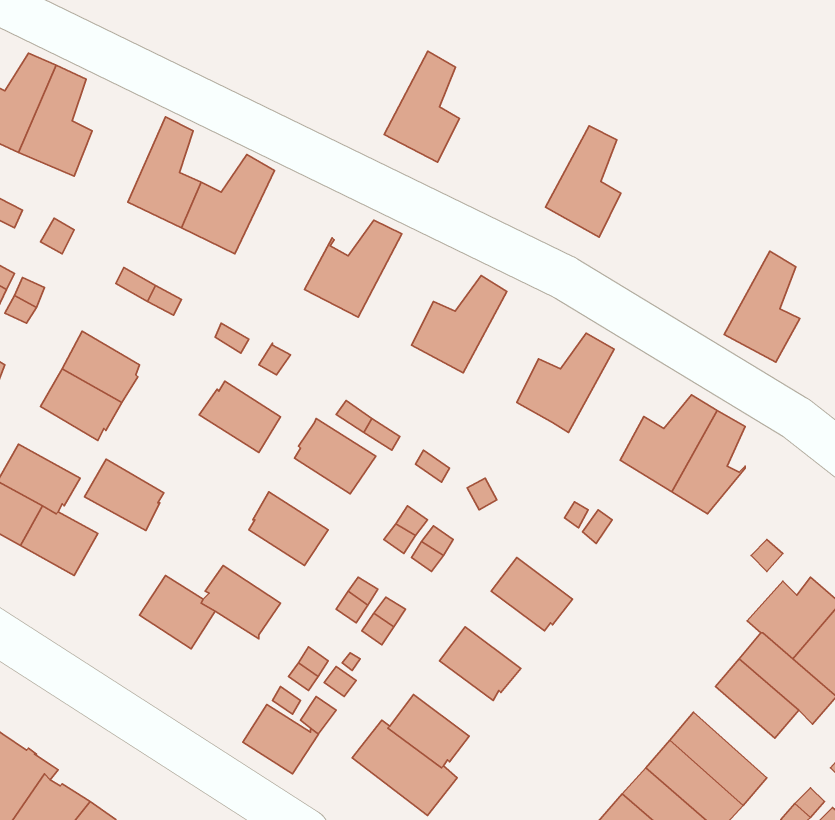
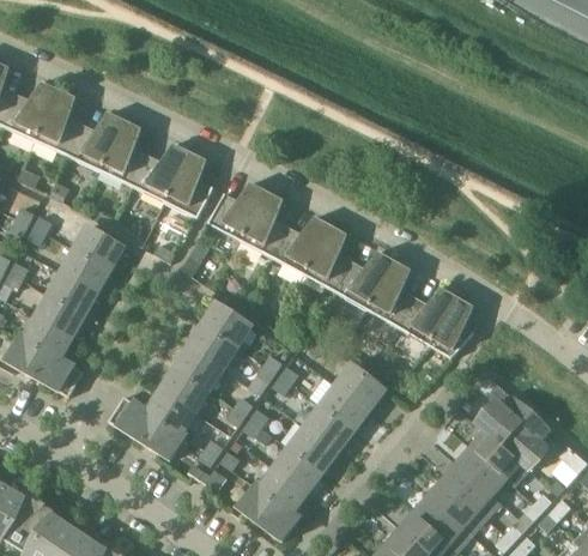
building: [384,51,459,162] -> [241,189,286,256]
building: none -> [69,110,125,170]
building: [545,126,621,237] -> [304,224,350,291]
building: none -> [166,151,213,217]
building: [724,251,800,362] -> [368,259,413,326]
building: none -> [74,225,125,268]
building: [199,381,281,453] -> [187,325,236,368]
building: [84,459,164,531] -> [36,294,84,337]
building: none -> [337,363,384,410]
building: none -> [159,368,208,412]
building: none -> [305,405,353,452]
building: none -> [274,447,322,492]
building: none -> [443,463,502,518]
building: [243,704,318,774] -> [140,417,186,459]

